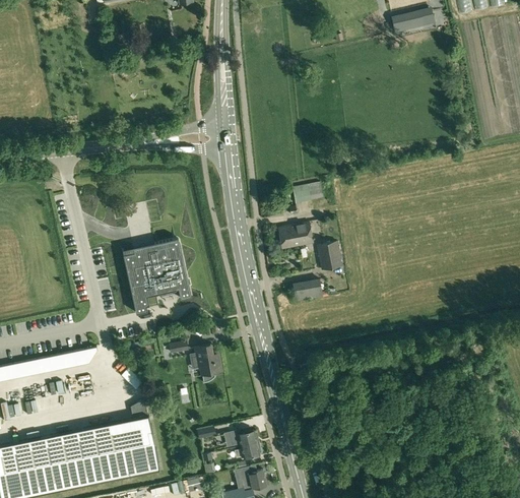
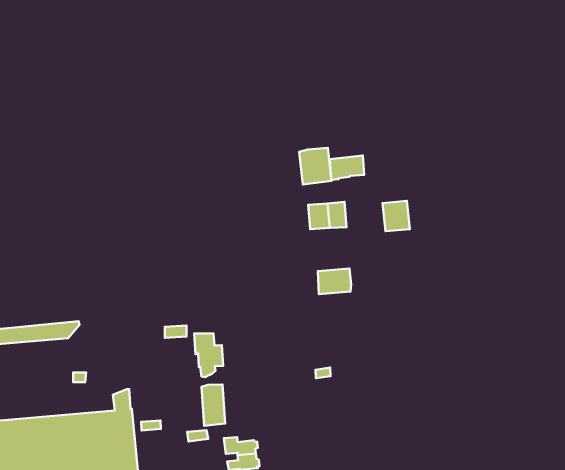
building: none -> [299,148,331,185]
building: [123,240,191,314] -> none
building: [317,243,342,270] -> [383,201,410,231]
building: none -> [202,384,225,426]

